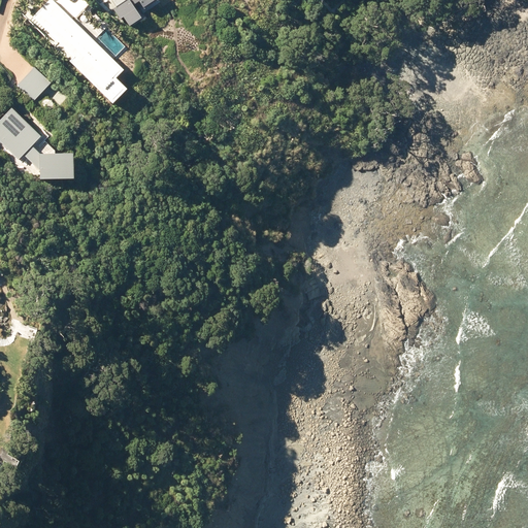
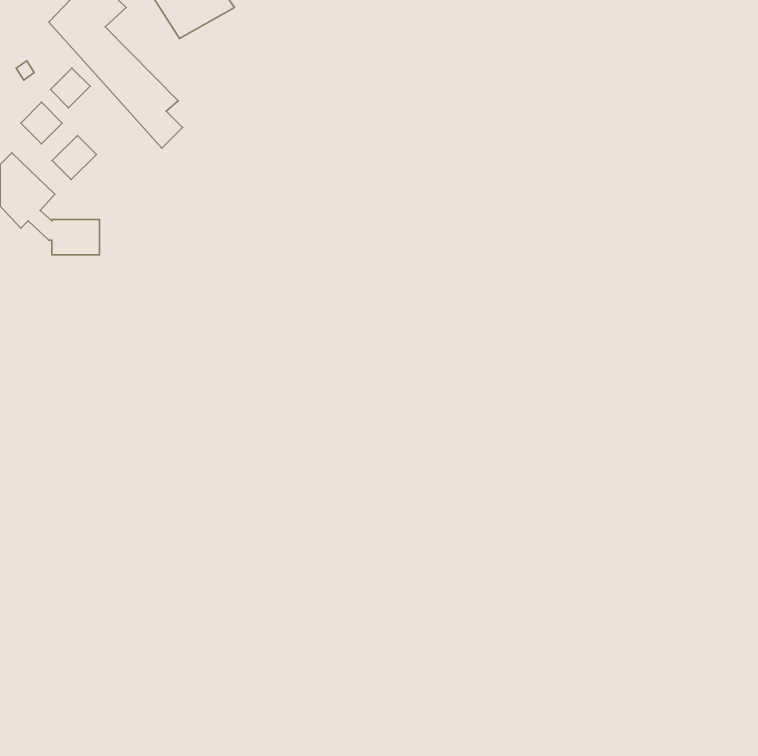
building: none -> [50,68,90,108]
building: none -> [52,135,96,180]

